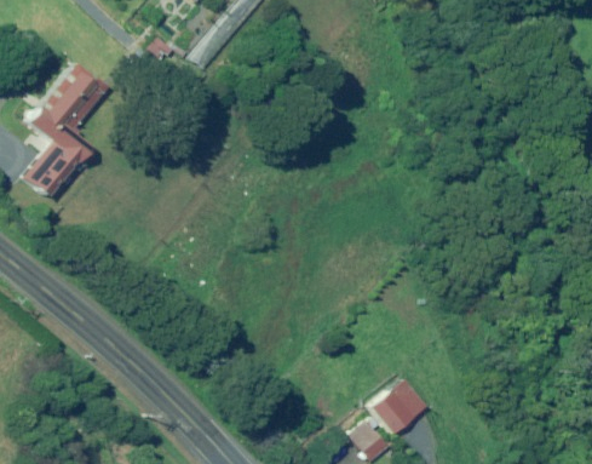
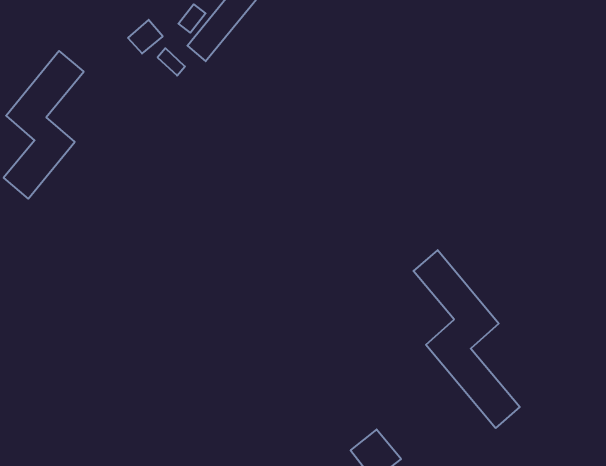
building: none -> [413,250,520,428]
building: [372,379,427,434] -> none

